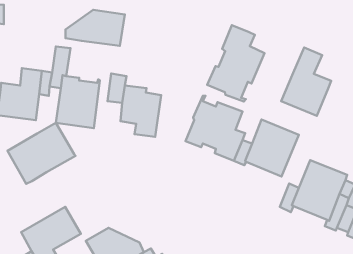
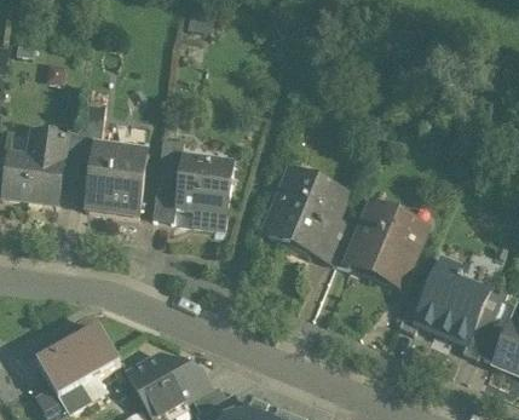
building: [66,10,125,46] -> none
building: [207,25,265,102] -> none
building: [281,48,331,116] -> none
building: none -> [151,178,178,220]
building: [7,123,75,184] -> none

